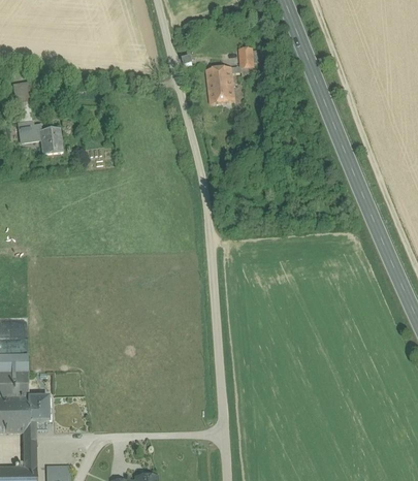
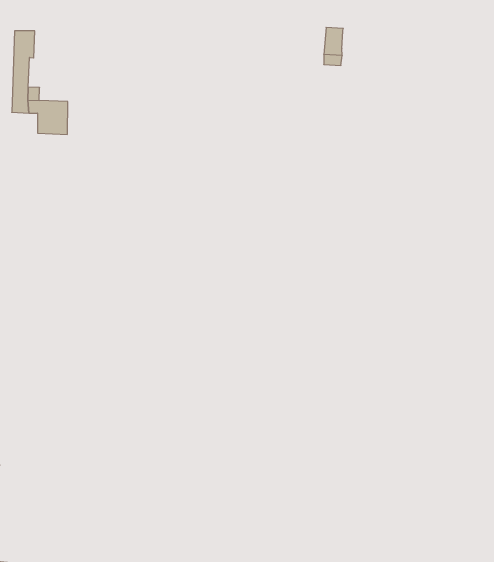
building: [207,67,234,103] -> none

